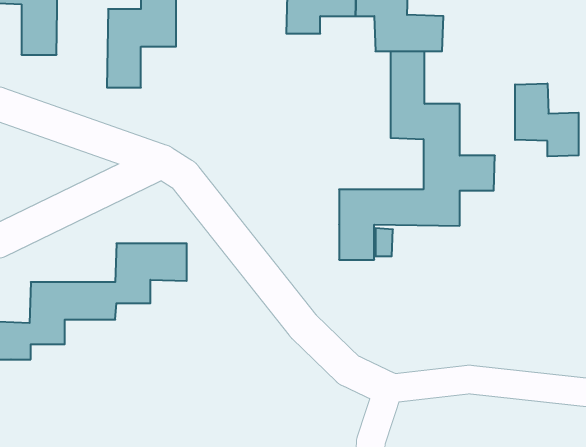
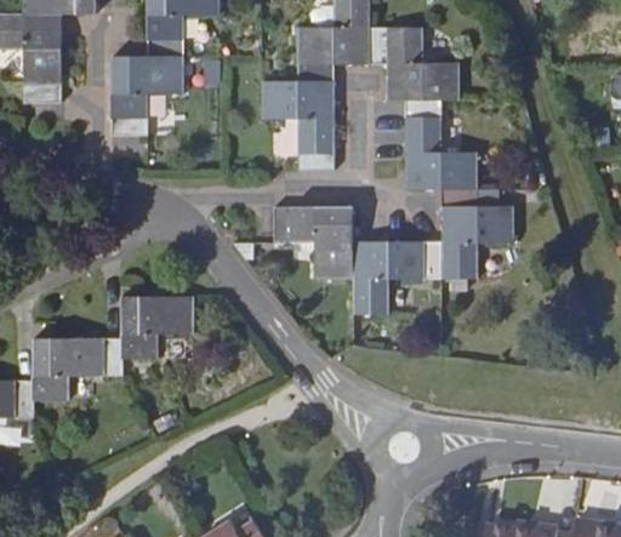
building: none -> [261,80,332,171]
building: [515,83,579,156] -> none
building: none -> [273,206,352,278]

